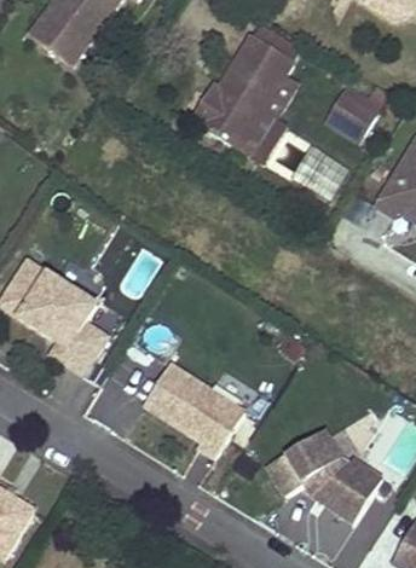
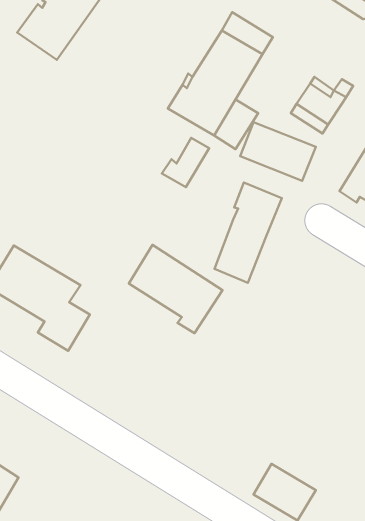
building: none -> [162,138,209,187]
building: none -> [215,182,282,283]
building: [148,363,248,457] -> [129,245,223,333]
building: [270,430,385,521] -> none

